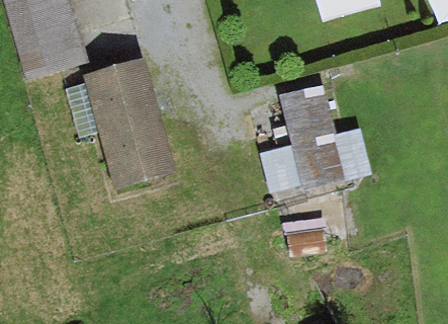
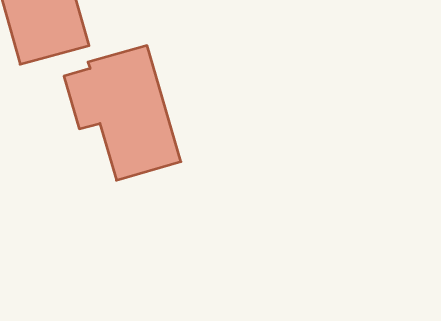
building: [264,81,372,190] -> none

